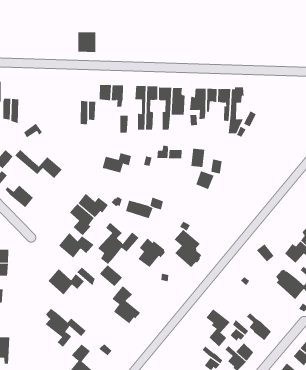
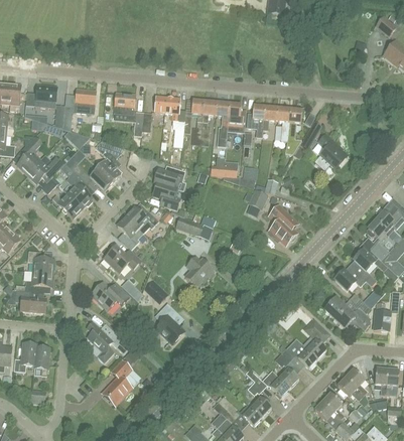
building: [77,32,96,53] -> [114,93,134,115]
building: none -> [75,89,96,113]
building: none -> [318,133,343,166]
building: none -> [97,141,123,180]
building: none -> [60,163,92,207]
building: none -> [153,182,179,209]
building: [97,222,140,265] -> none
building: [174,229,202,268] -> [269,204,297,245]
building: [205,308,230,347] -> [305,318,330,358]

